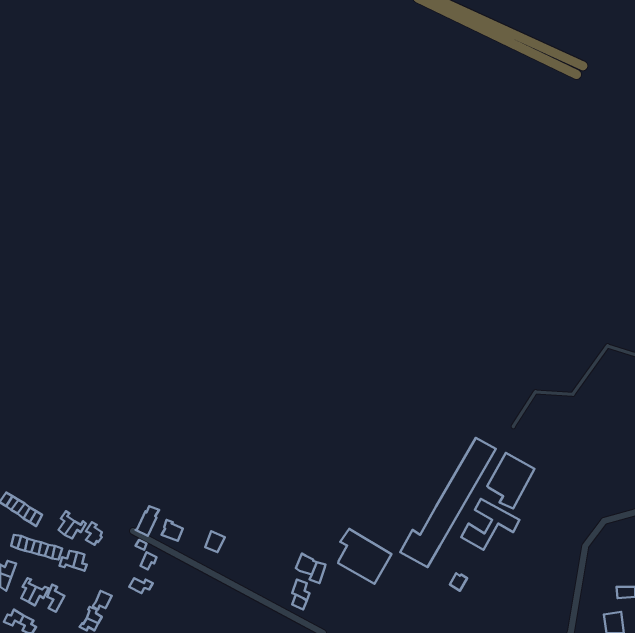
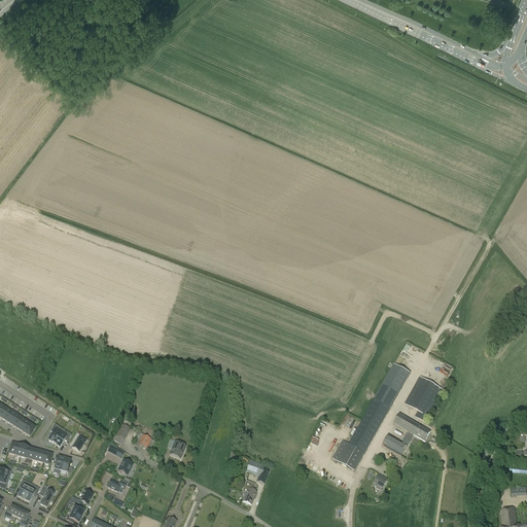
building: [338,529,391,584] -> none

